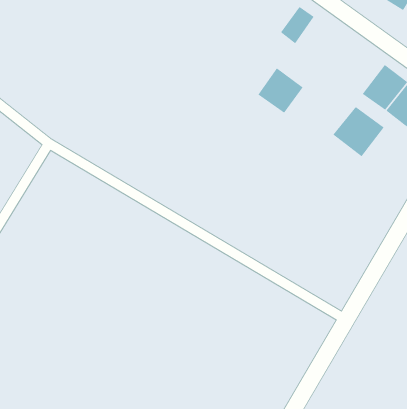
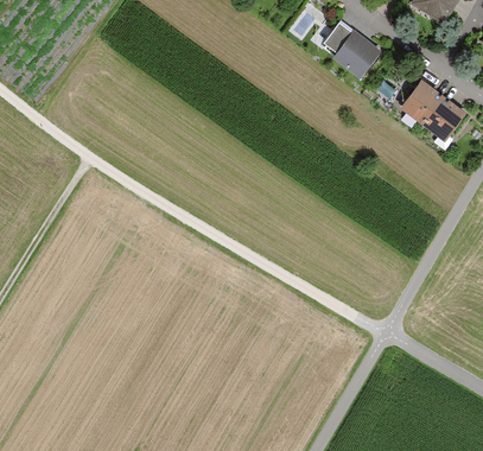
building: [257,67,304,114] -> [335,30,381,76]
building: [332,106,385,157] -> none

